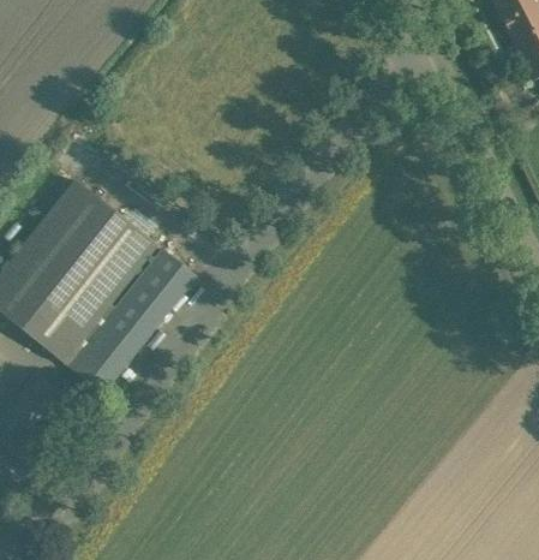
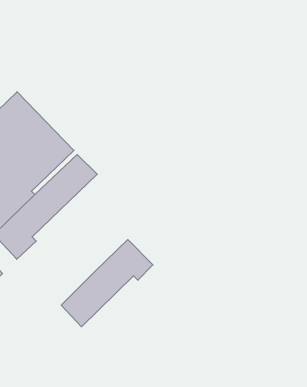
building: none -> [61,240,153,327]

